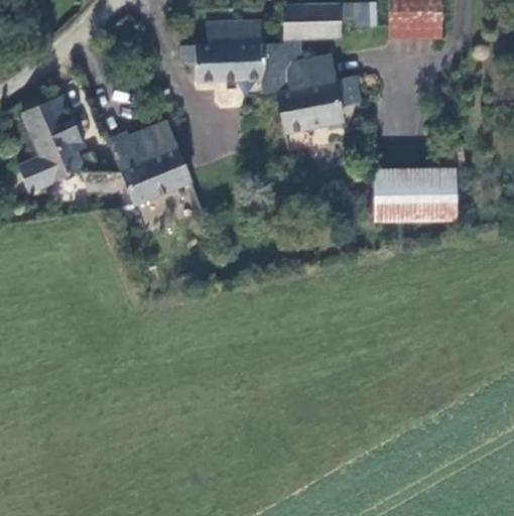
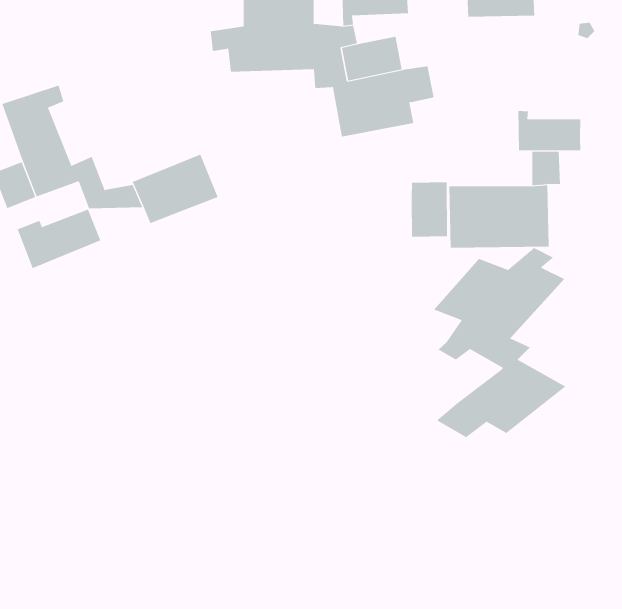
building: none -> [518,110,581,151]
building: [111,122,177,169] -> [17,209,101,269]
building: none -> [411,182,447,238]
building: none -> [433,247,567,438]

